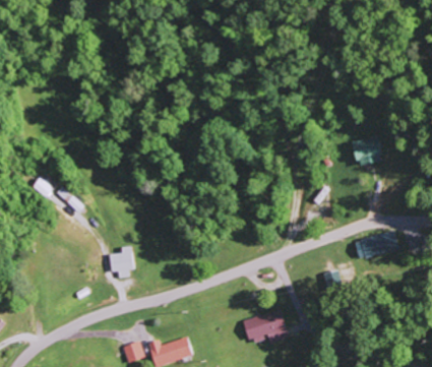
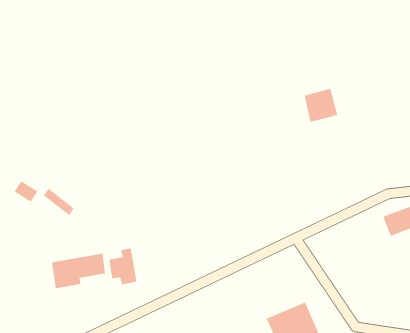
building: [352,137,380,166] -> [304,88,338,123]
building: none -> [51,253,106,289]

